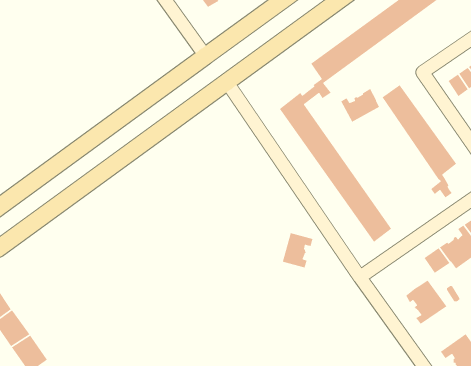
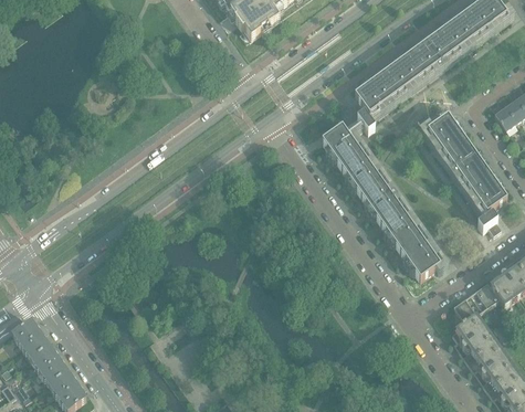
building: [340,88,380,123] -> none
building: [282,232,314,269] -> none
building: none -> [453,292,482,320]
building: none -> [468,341,514,388]

